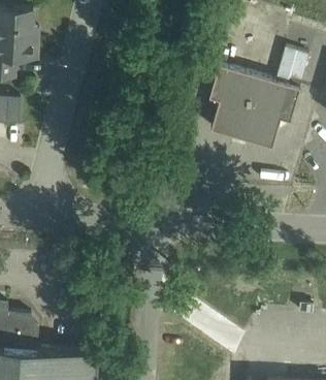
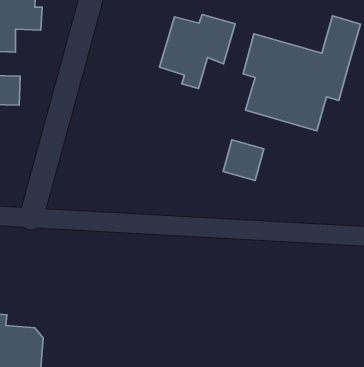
building: none -> [159,14,235,89]
building: none -> [223,140,264,181]

